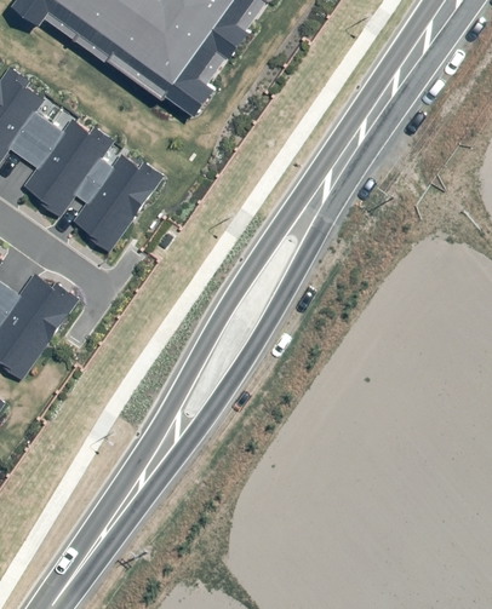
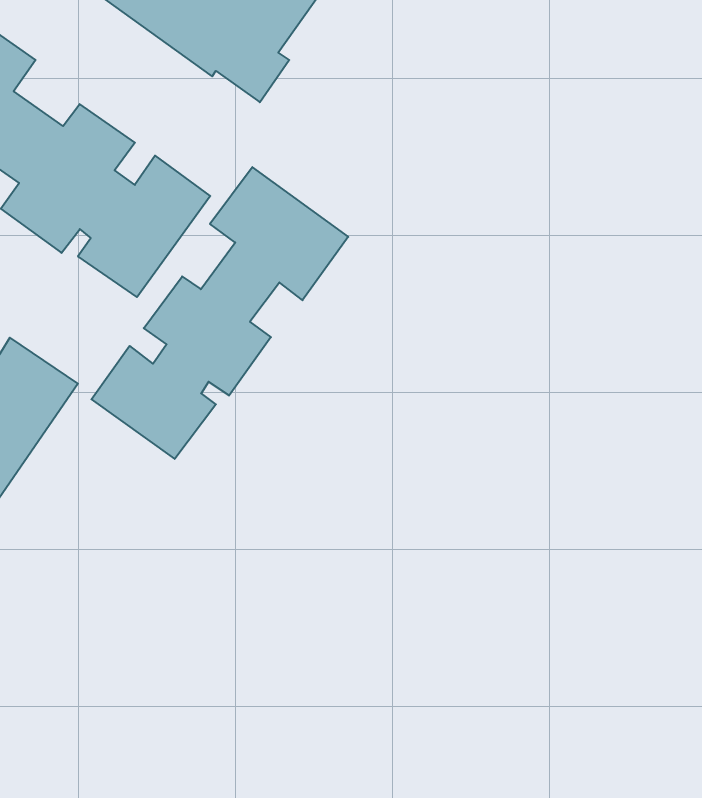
building: none -> [91,167,348,459]

